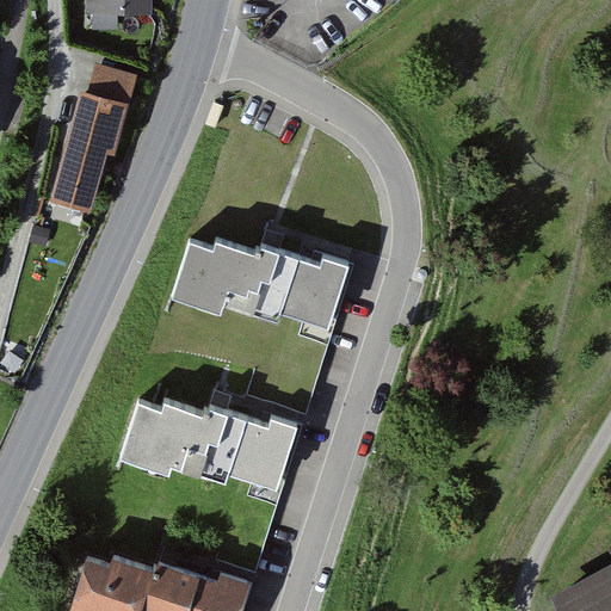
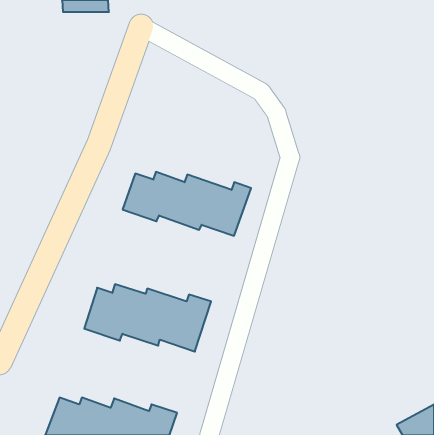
building: [55,64,141,206] -> none

